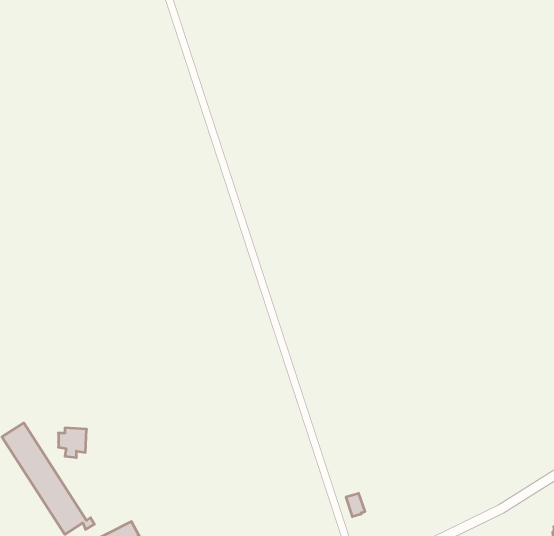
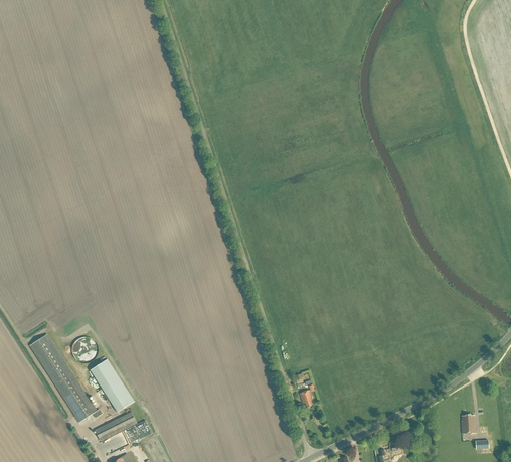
building: none -> [91,358,135,412]

